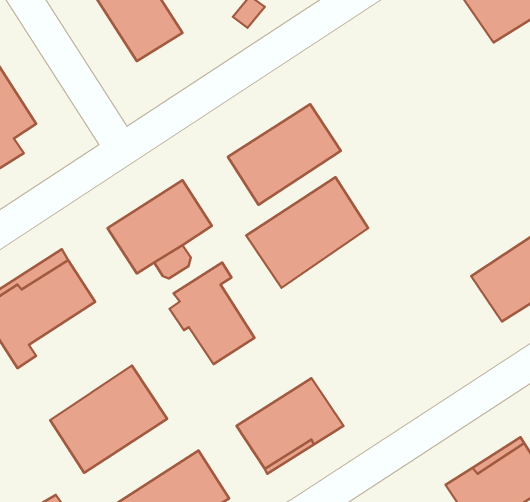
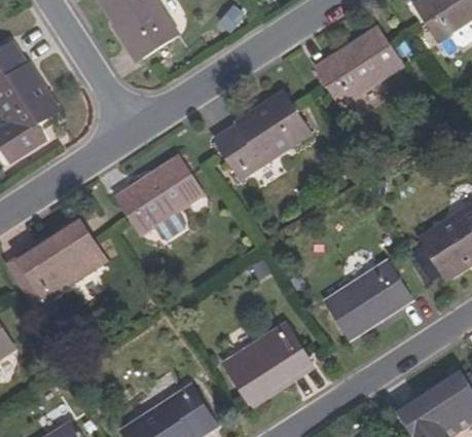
building: none -> [315,29,402,107]
building: [246,177,368,288] -> none
building: [170,262,255,364] -> none
building: none -> [325,261,412,339]
building: [50,366,167,473] -> none

